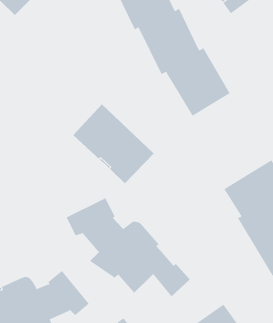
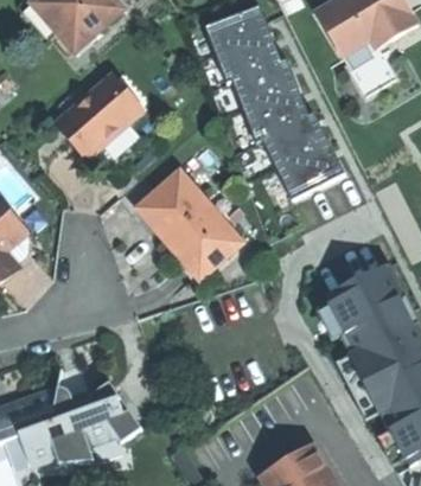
building: none -> [60,81,136,154]
building: [66,198,190,297] -> none

